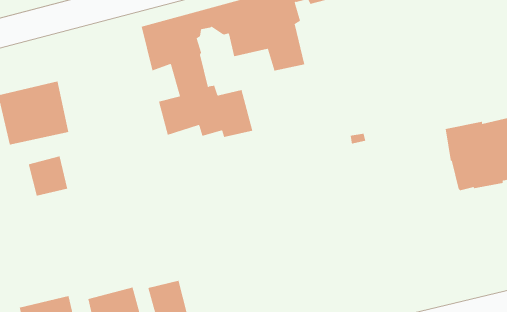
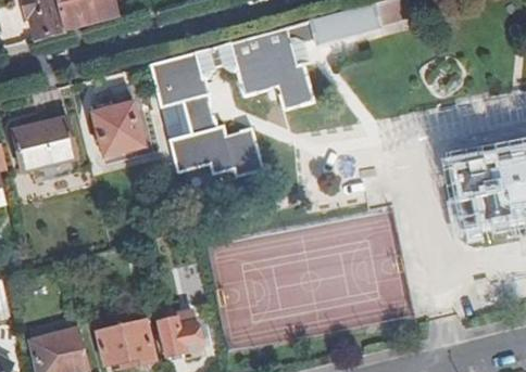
building: none -> [91,101,145,158]
building: [28,155,68,196] -> none

